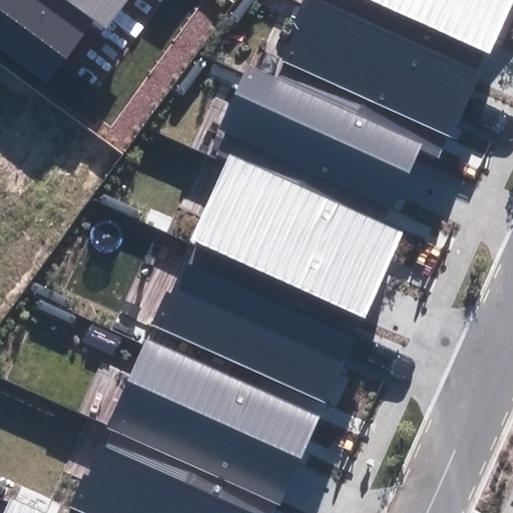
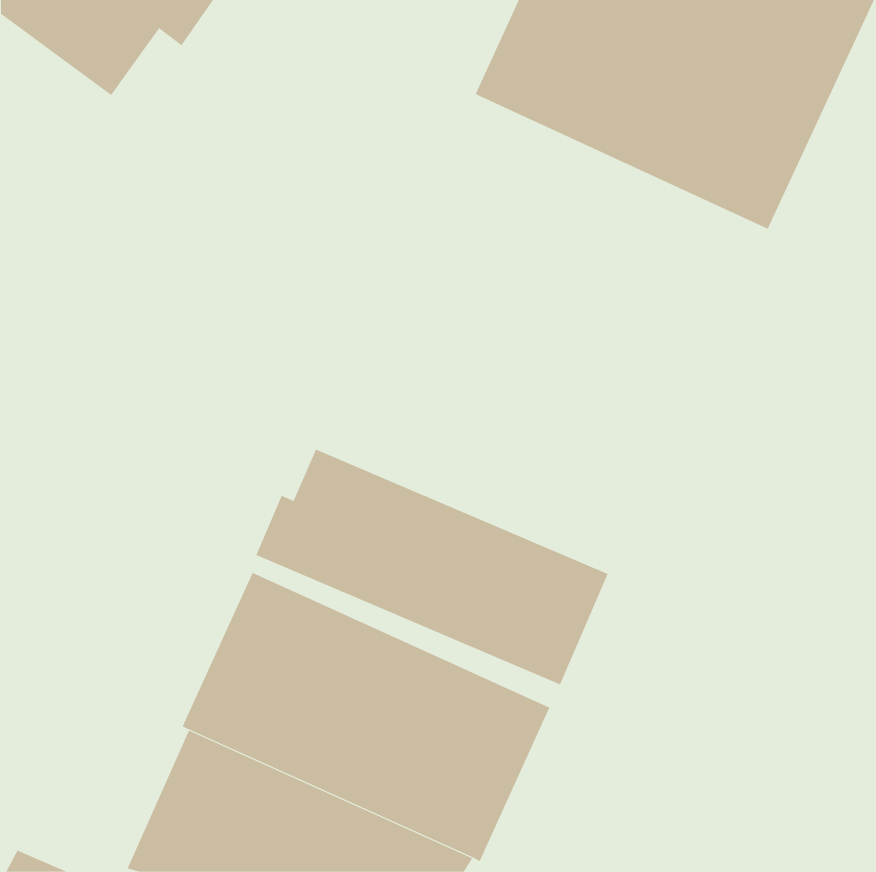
building: [218,57,449,206] -> none
building: [189,155,403,317] -> none

